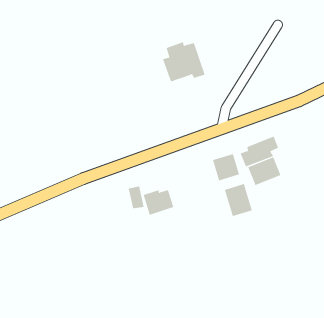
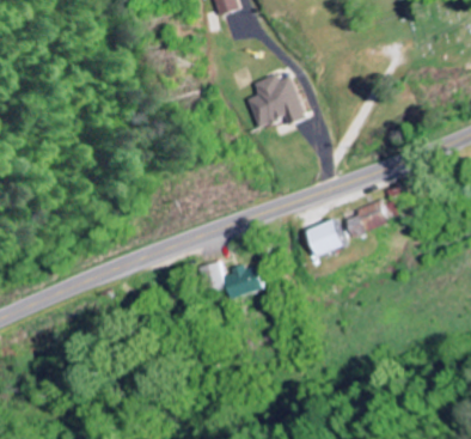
building: [247,156,281,186] -> none
building: [224,183,253,217] -> none

